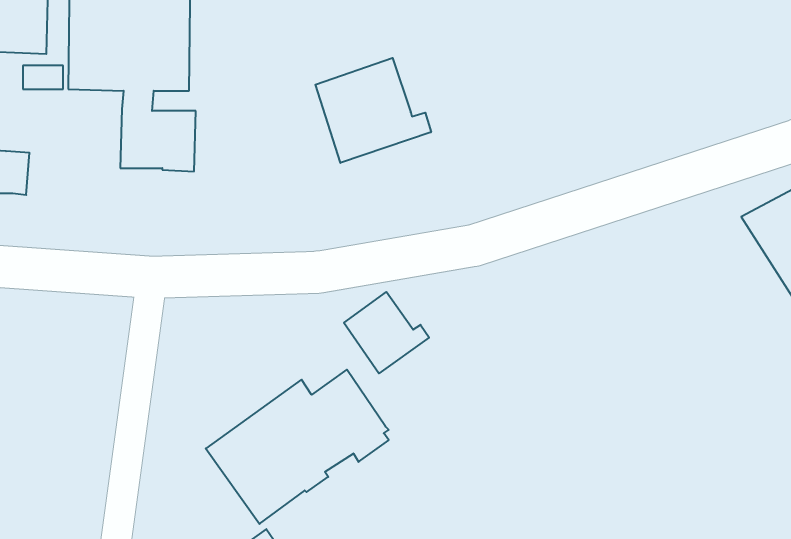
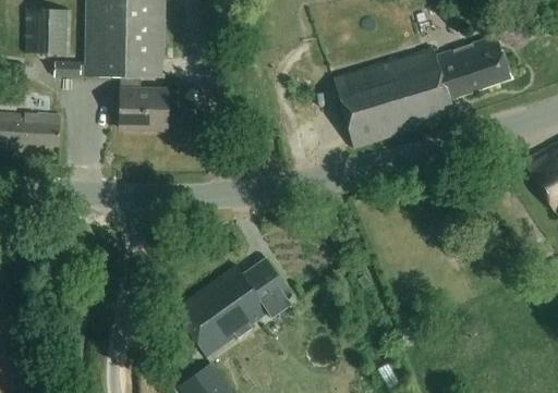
building: none -> [335,34,512,145]
building: [315,58,431,163] -> none
building: [344,292,429,373] -> none

